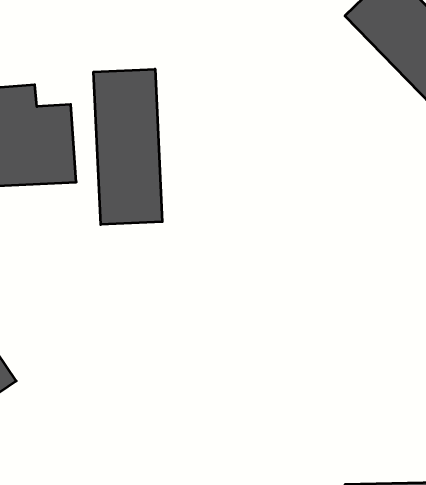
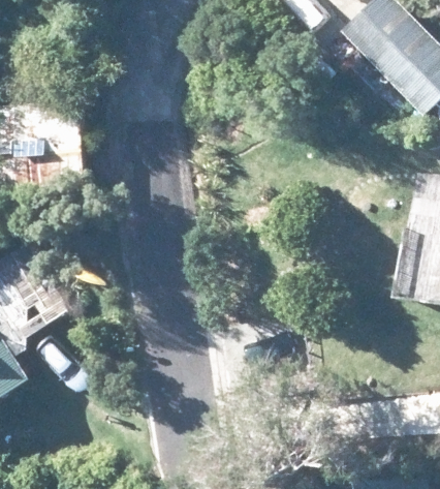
building: [94,69,162,225] -> none

